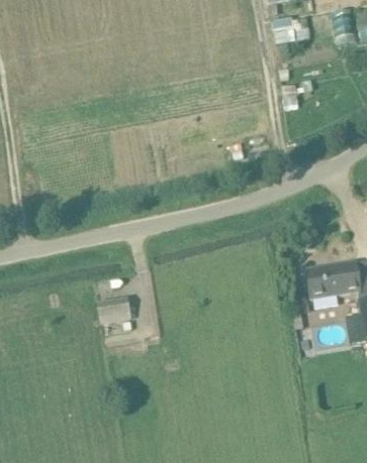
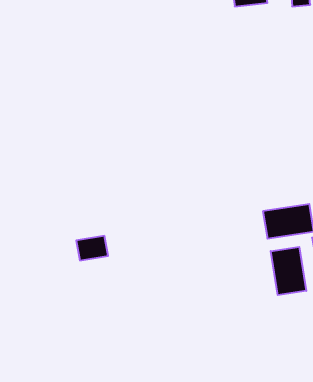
building: none -> [271,247,306,295]

